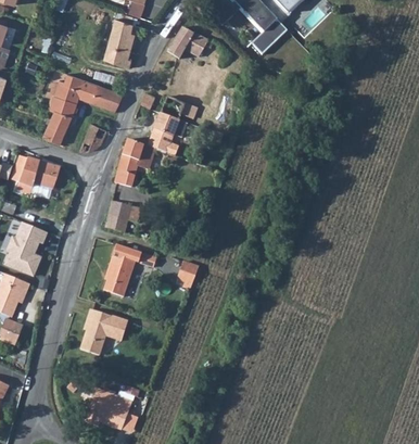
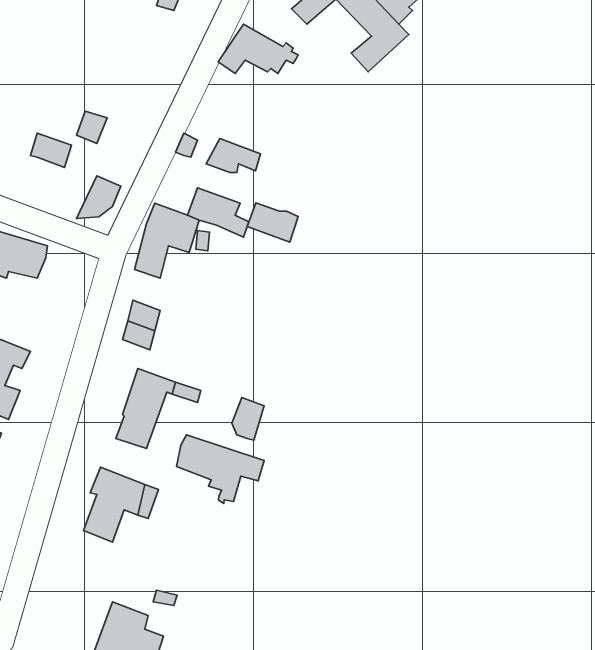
building: [102,17,137,66] -> none
building: [52,74,82,102] -> none
building: [90,85,119,109] -> none
building: [41,110,69,143] -> none
building: [154,114,187,139] -> [247,203,298,242]
building: none -> [177,435,264,504]

